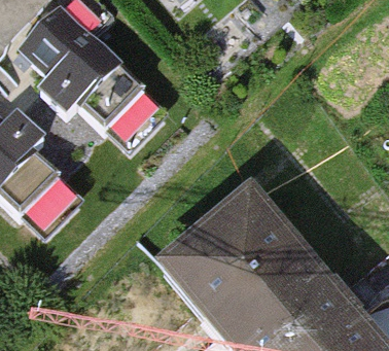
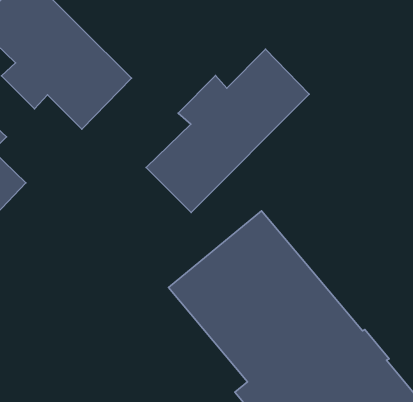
building: none -> [146,49,309,212]

